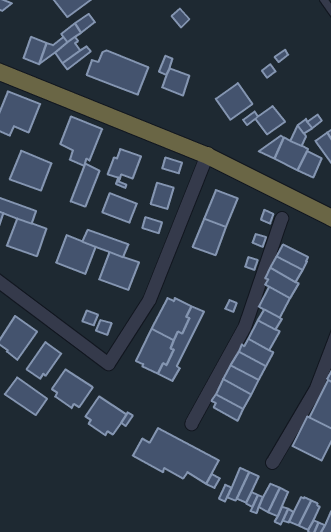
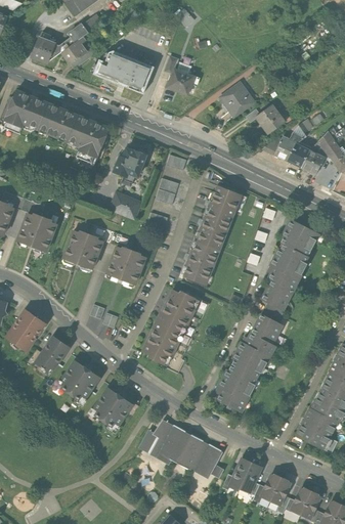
building: [10,151,52,191] -> [37,102,78,141]
building: [71,164,99,207] -> none
building: none -> [282,220,318,252]
building: none -> [183,242,219,285]
building: [5,377,47,415] -> none

